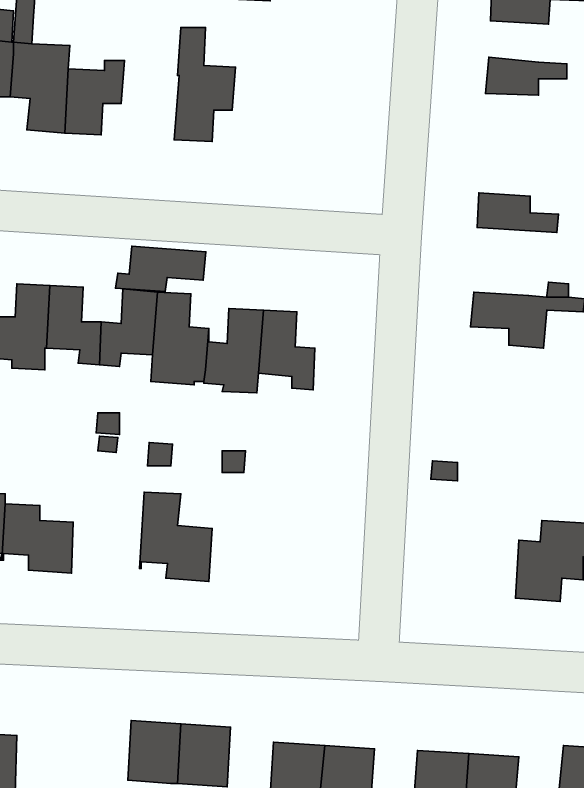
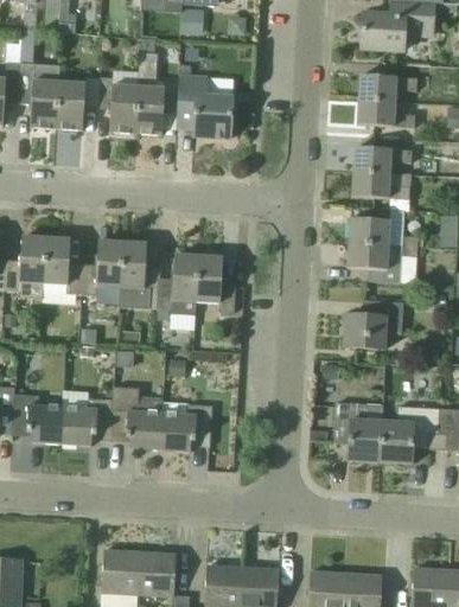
building: none -> [177,64,234,138]
building: none -> [97,76,139,133]
building: none -> [357,100,415,127]
building: none -> [353,146,413,173]
building: [116,246,206,291] -> none
building: none -> [350,217,390,244]
building: none -> [343,299,403,349]
building: none -> [62,385,114,445]
building: none -> [333,401,382,461]
building: none -> [160,403,213,451]

